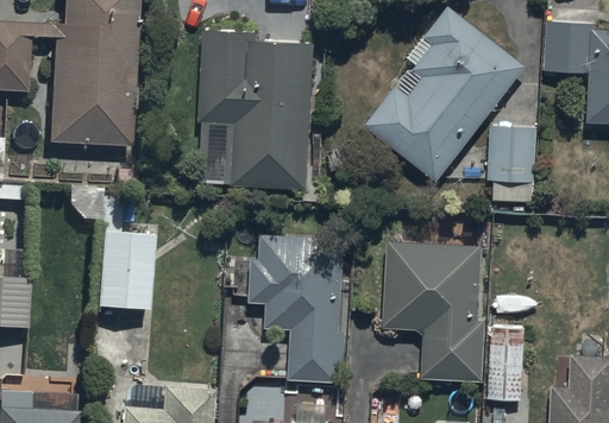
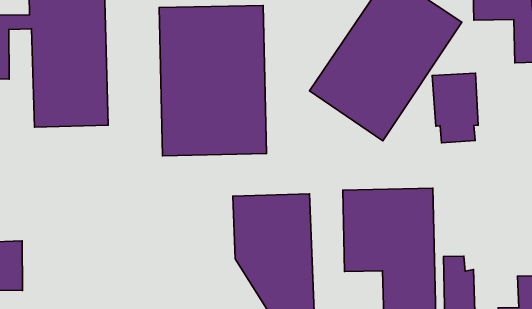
building: [65,181,152,304] -> none

